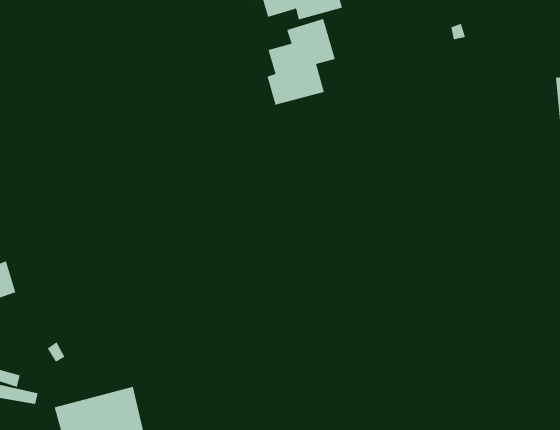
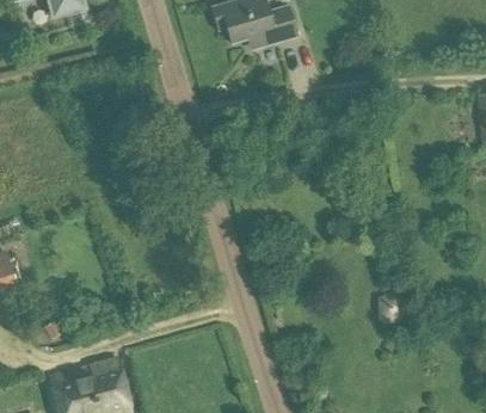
building: [267,18,335,105] -> none

